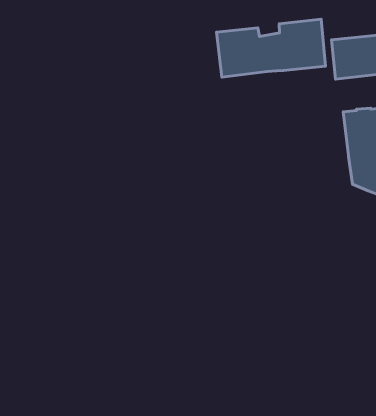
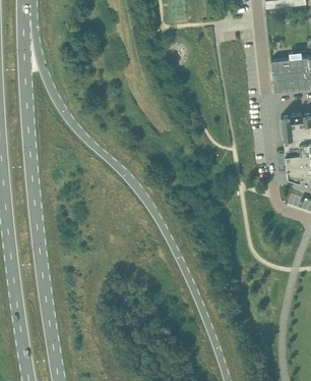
building: [217,19,326,77] -> none

